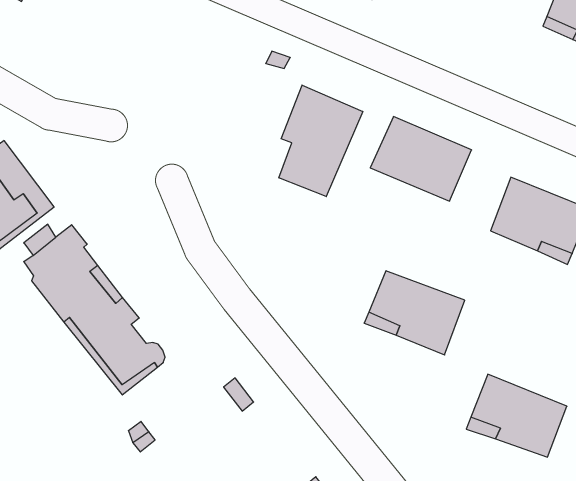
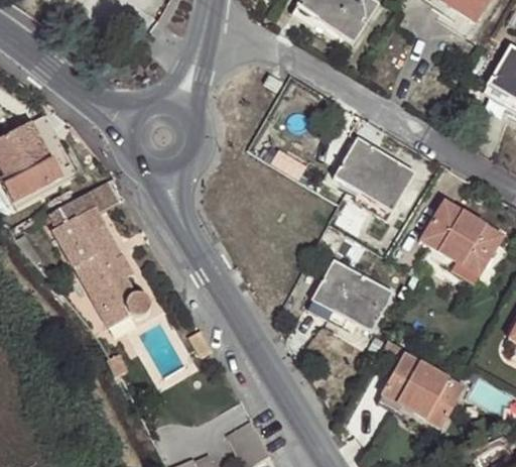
building: [279,85,363,197] -> none

